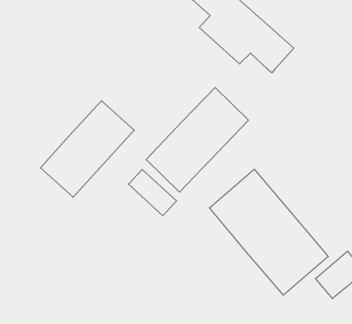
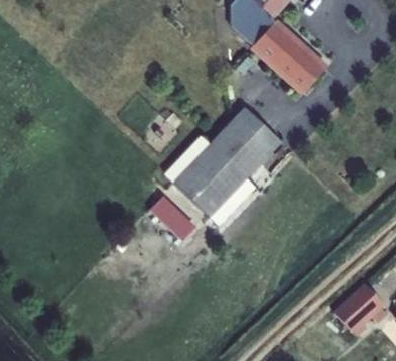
building: [40,101,134,197] -> none
building: [209,169,328,295] -> none

